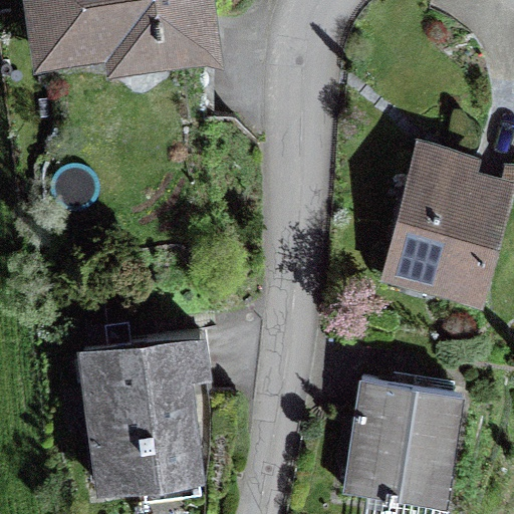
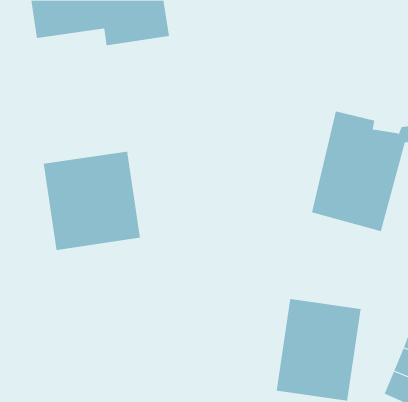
building: none -> [43,151,140,251]
building: [82,332,215,498] -> none

